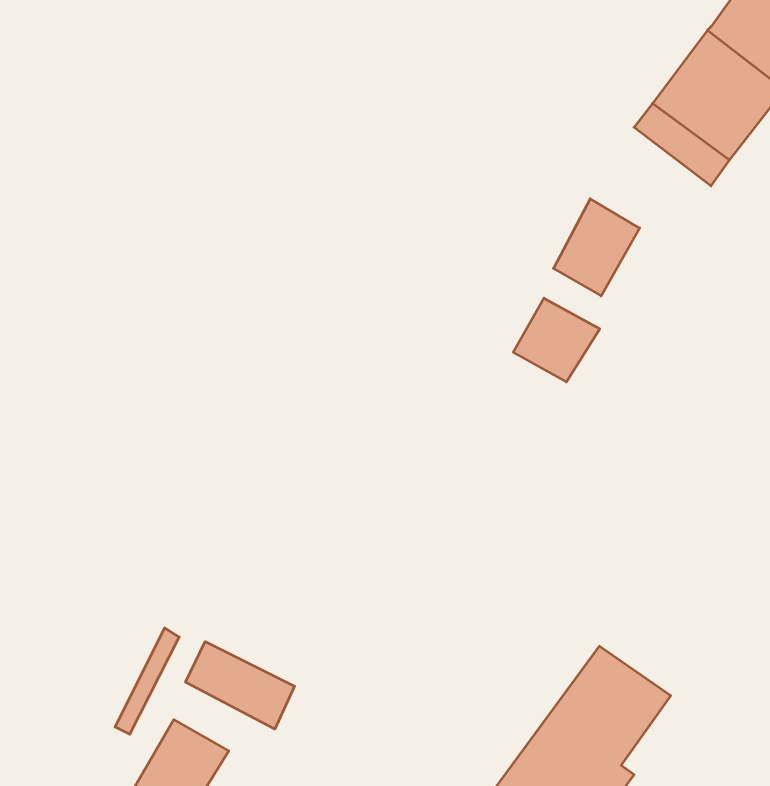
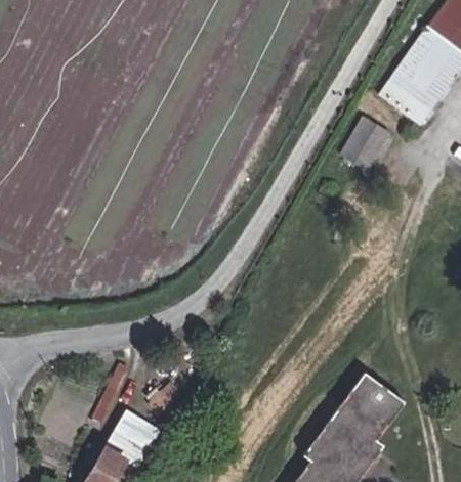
building: [513,298,600,382] -> none
building: [186,642,295,729] -> none

